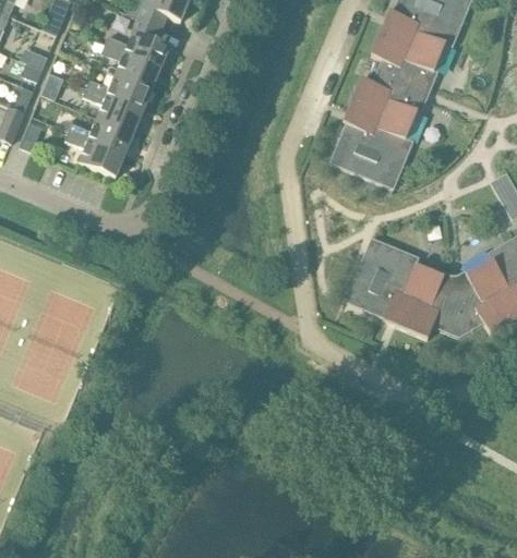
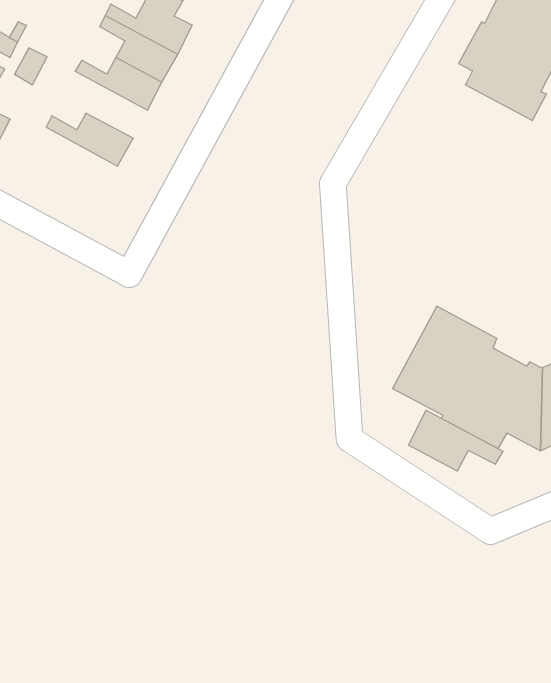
building: [329,70,430,189] -> none
building: [83,87,143,133] -> none
building: [64,131,124,177] -> none
building: none -> [408,410,503,471]

